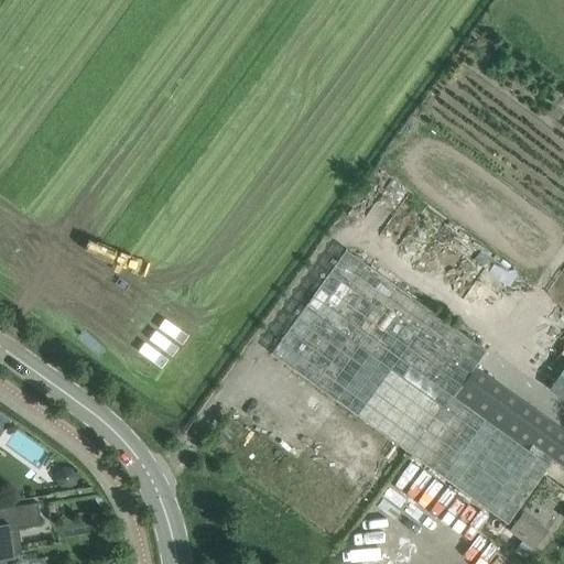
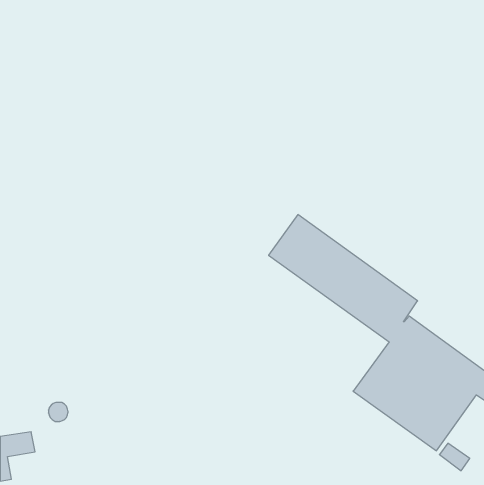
building: [272,296,453,454] -> none

